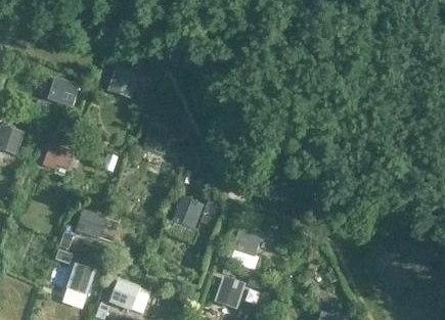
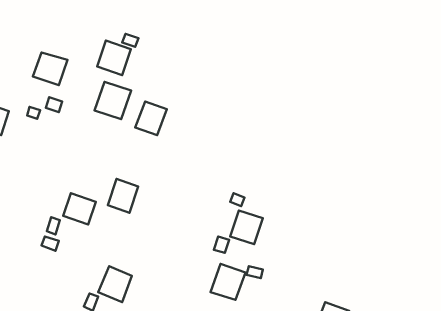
building: none -> [95,82,131,119]
building: [43,142,75,170] -> none
building: [173,203,202,235] -> [108,179,138,213]
building: [66,263,96,293] -> none

